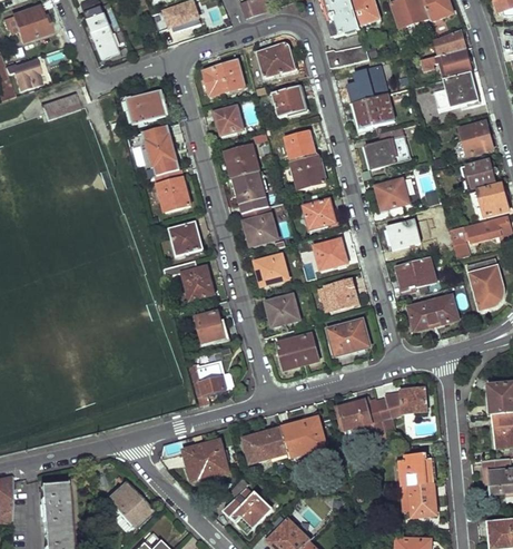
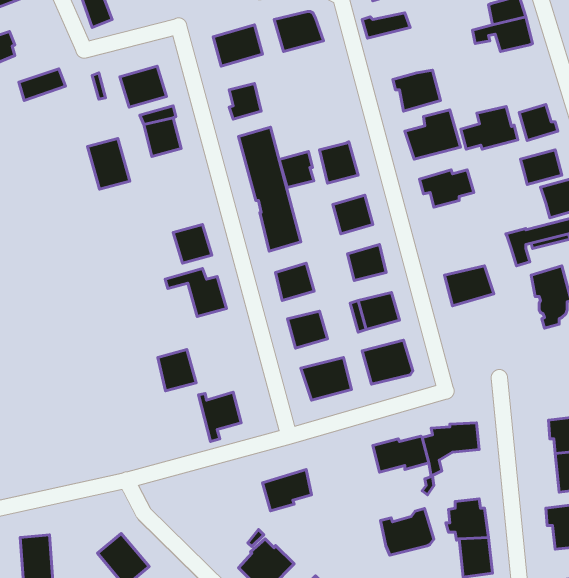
building: [348,67,378,101] -> none
building: [430,72,477,108] -> [461,107,518,149]
building: [274,87,305,117] -> none
building: [285,130,314,160] -> [279,151,314,187]
building: [154,169,189,212] -> [87,139,130,189]
building: [386,215,432,246] -> none
building: [407,295,456,331] -> none
building: [194,310,226,344] -> [158,350,196,391]
building: [280,418,325,457] -> [381,508,434,555]
building: [184,441,228,478] -> none

